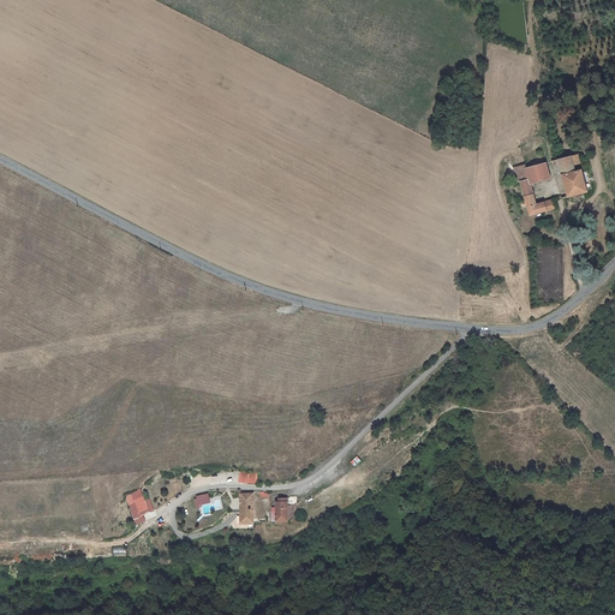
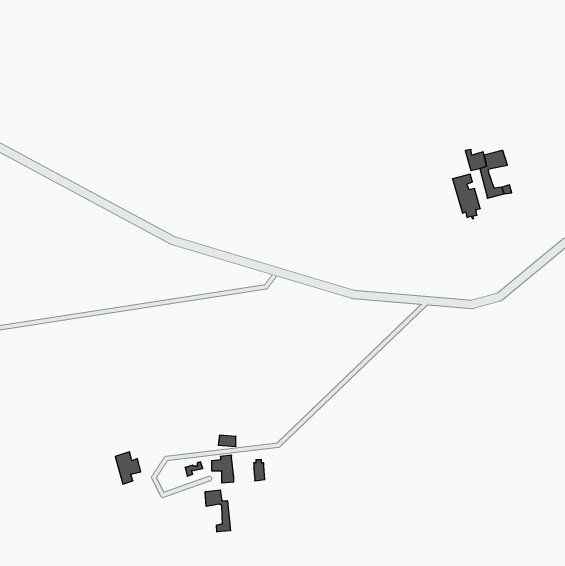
building: [557,155,587,203] -> [452,174,480,219]
building: none -> [205,490,230,532]

